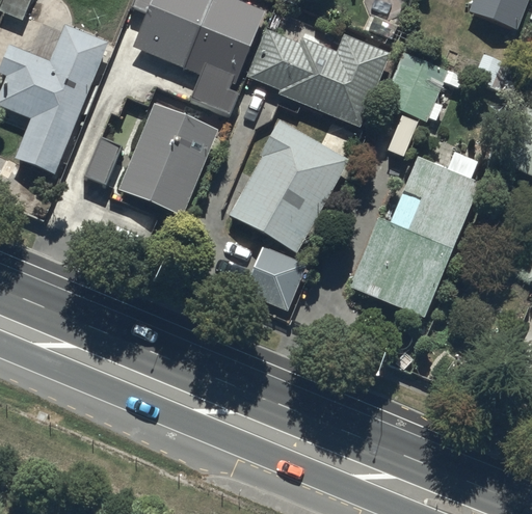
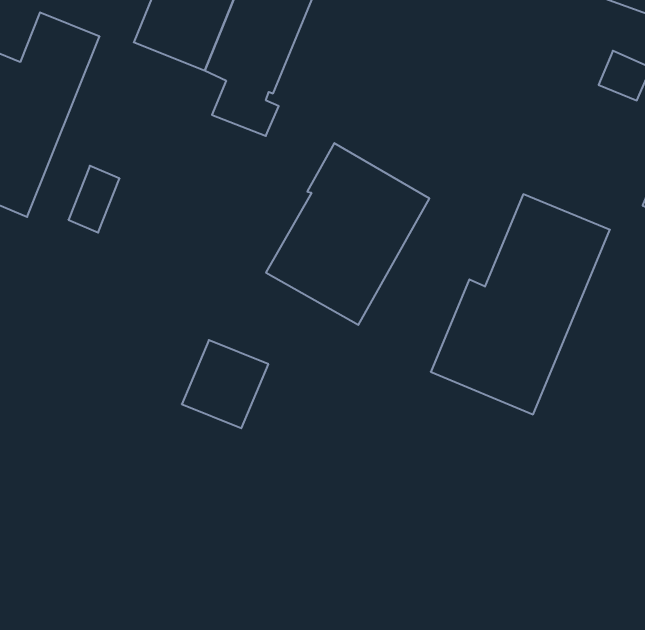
building: [246,28,390,127] -> none
building: [381,52,446,120] -> none
building: [117,103,217,215] -> none
building: [243,246,307,310] -> [182,340,268,428]

